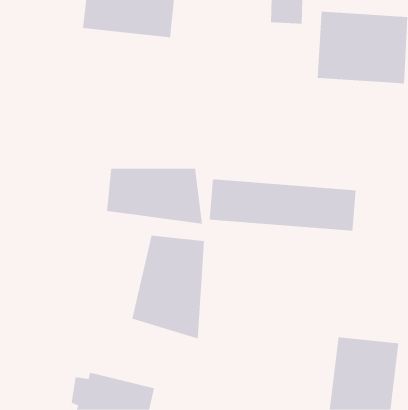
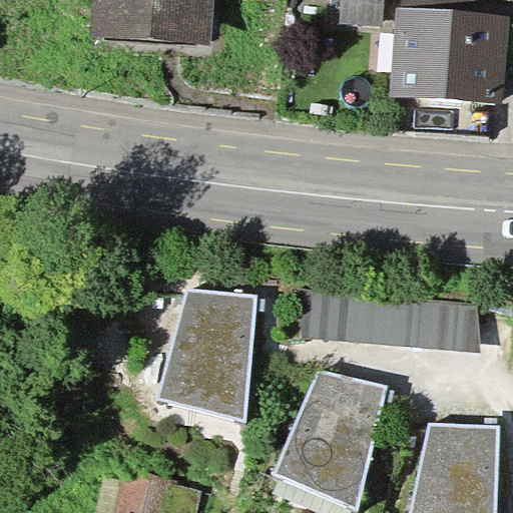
building: [106,168,202,225] -> none
building: [209,179,356,231] -> [305,288,488,353]
building: none -> [275,371,380,504]

